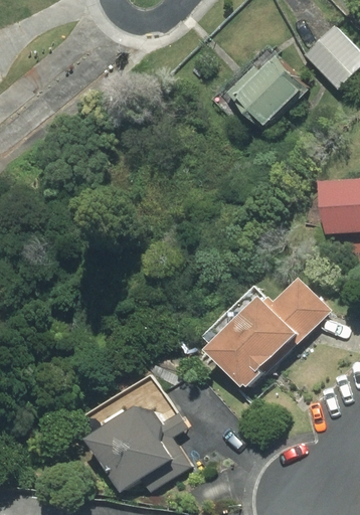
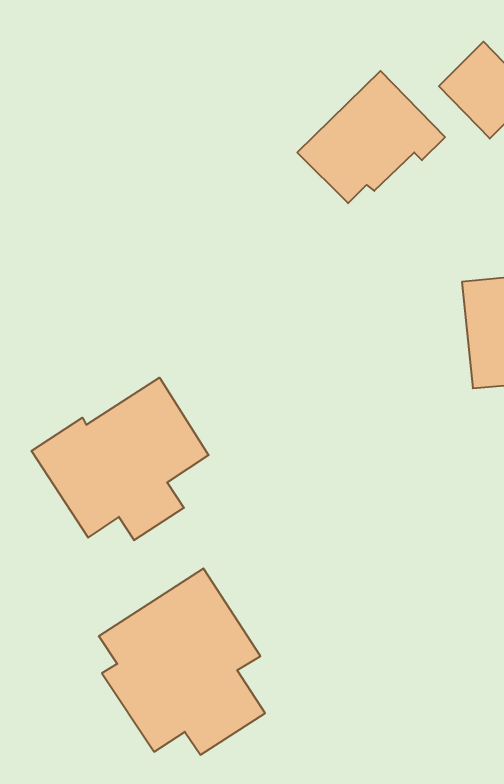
building: none -> [32,378,209,540]
building: [202,276,331,390] -> none

